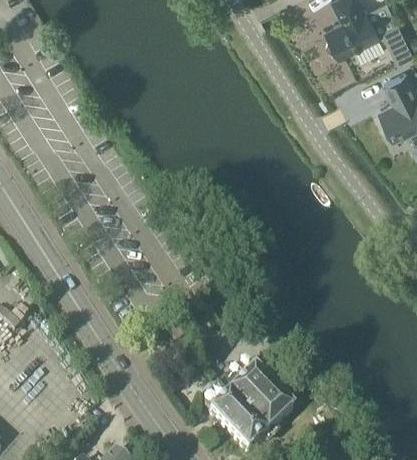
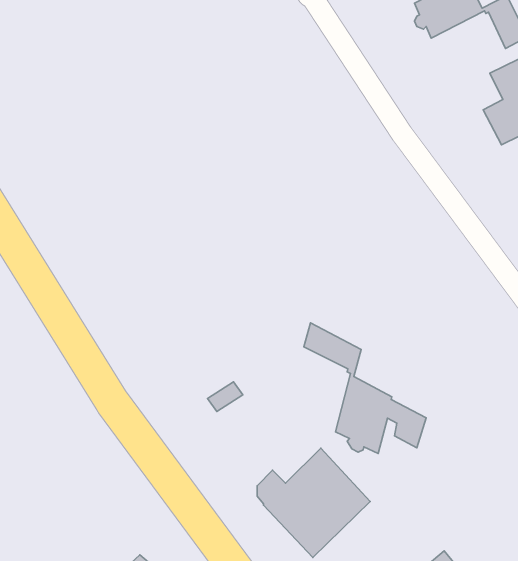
building: none -> [304,323,426,454]

